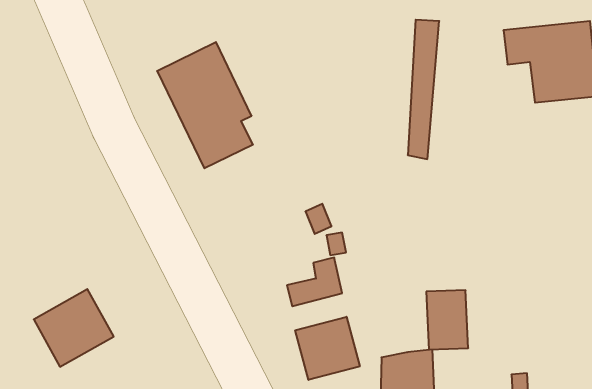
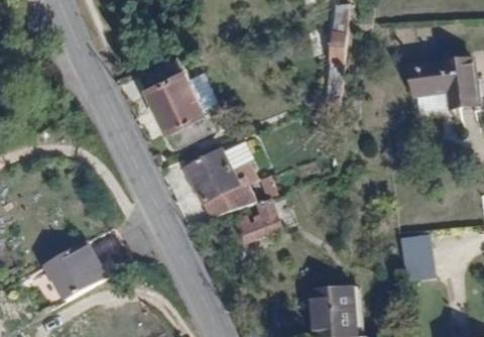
building: none -> [182,145,249,213]
building: [426,290,468,349] -> [397,234,430,279]
building: [295,317,360,380] -> none

